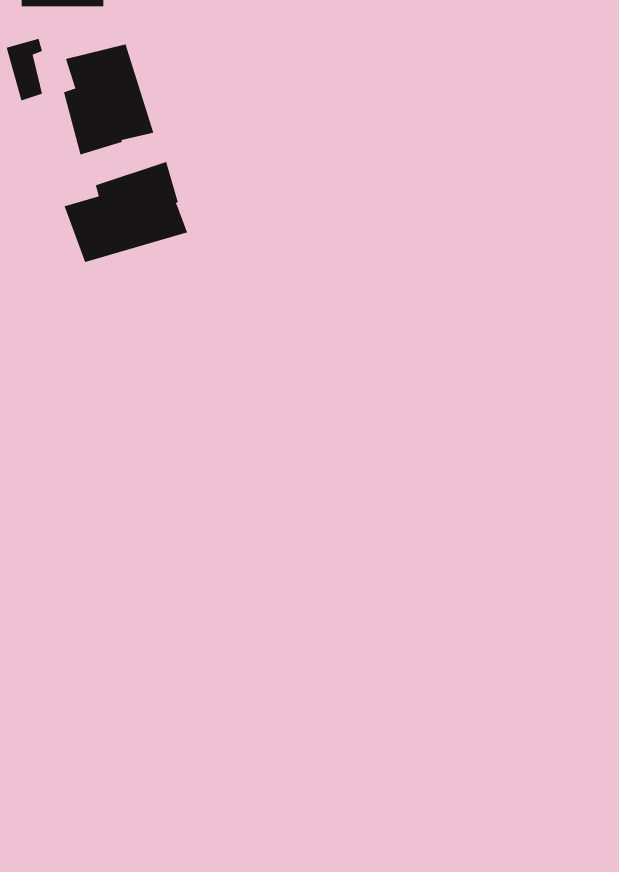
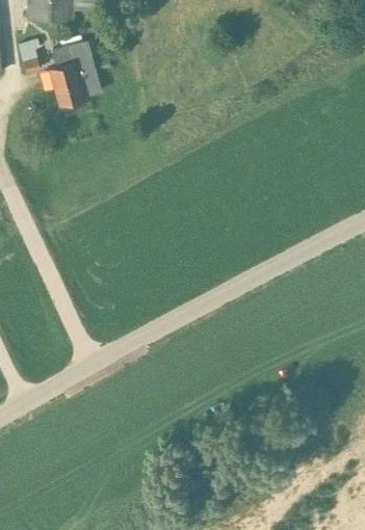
building: [64,161,188,263] -> none

